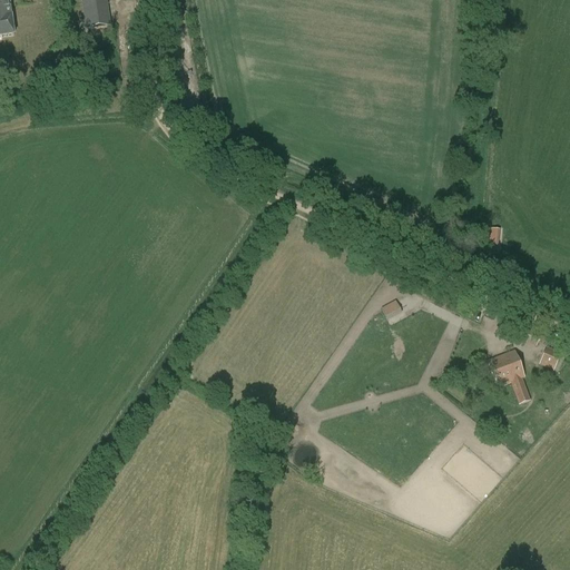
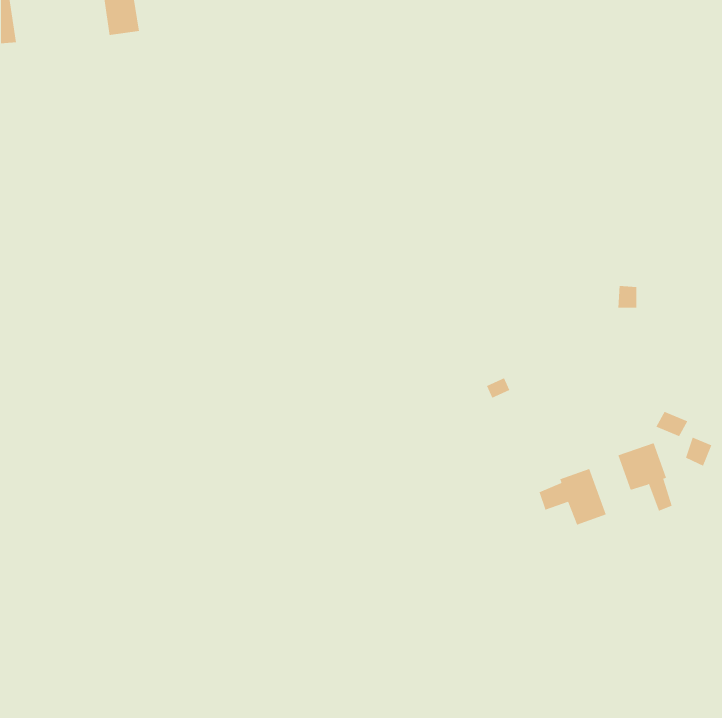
building: none -> [539,468,607,525]

